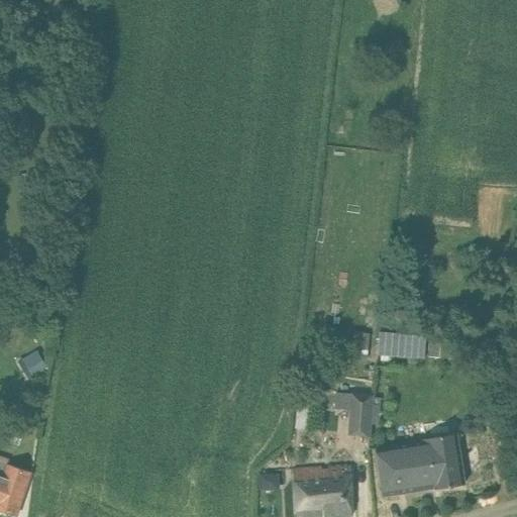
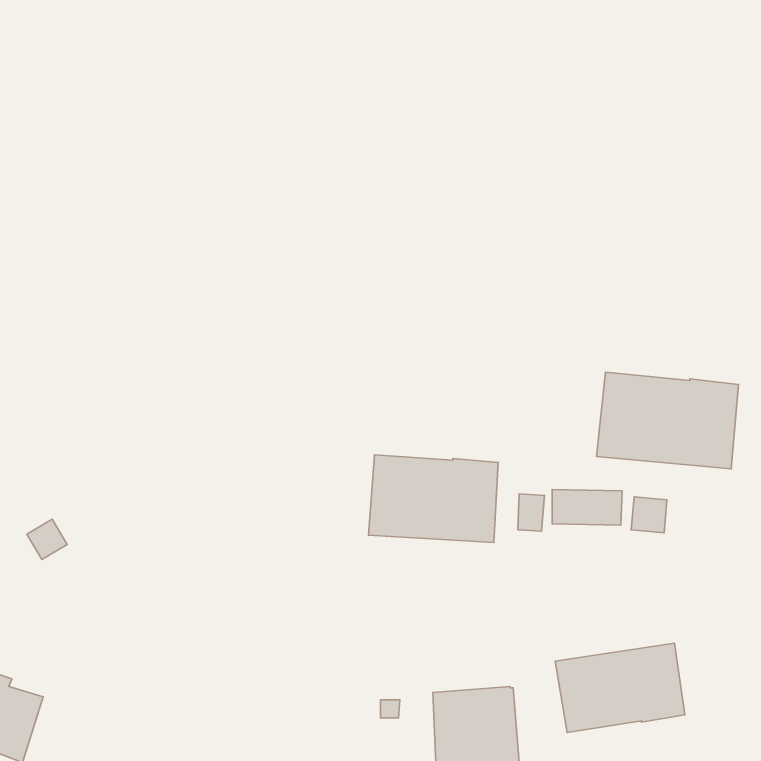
building: none -> [597,372,739,469]
building: none -> [369,455,498,542]
building: [346,393,373,436] -> none

